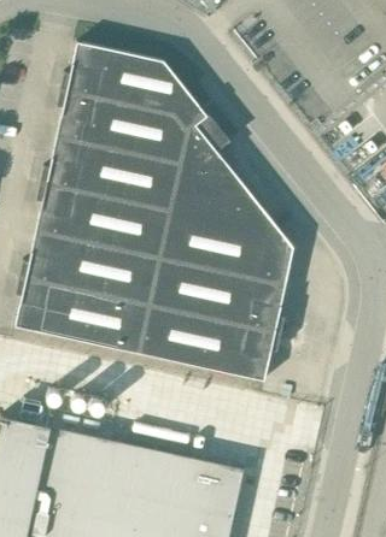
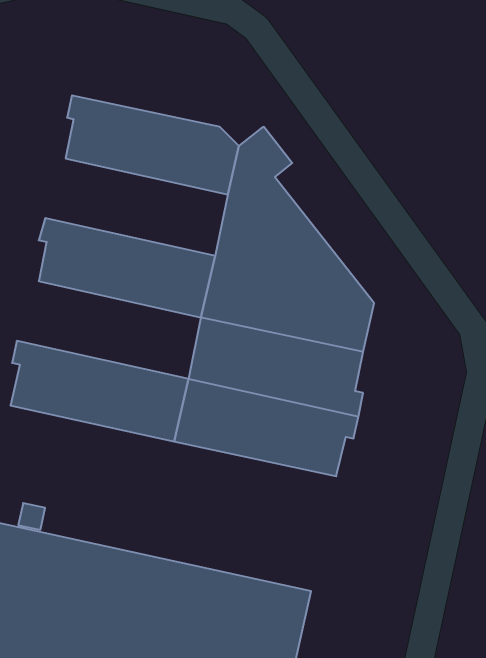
building: [63,43,207,129] -> none
building: [42,138,182,213] -> none
building: [21,232,162,307] -> none

